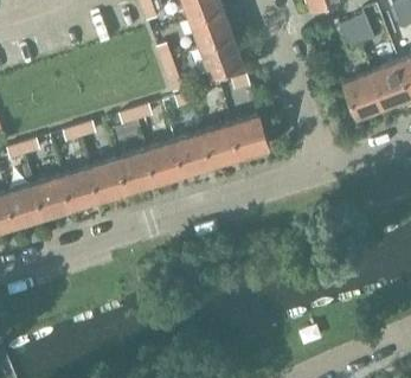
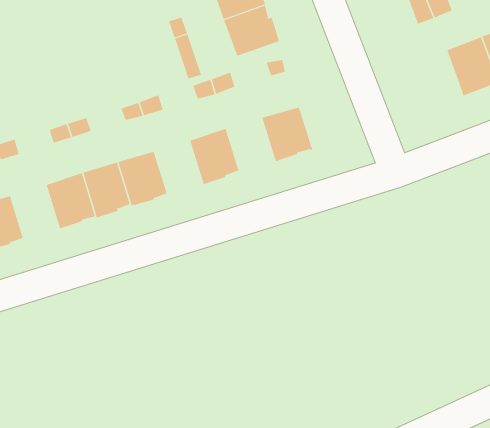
building: [342,72,384,117] -> none
building: [200,124,238,167] -> none
building: [145,142,182,185] -> none
building: [33,177,71,219] -> none

